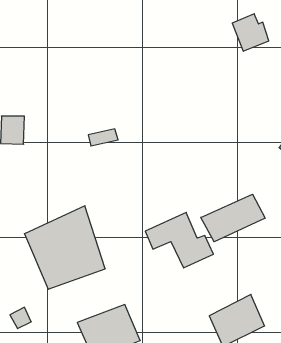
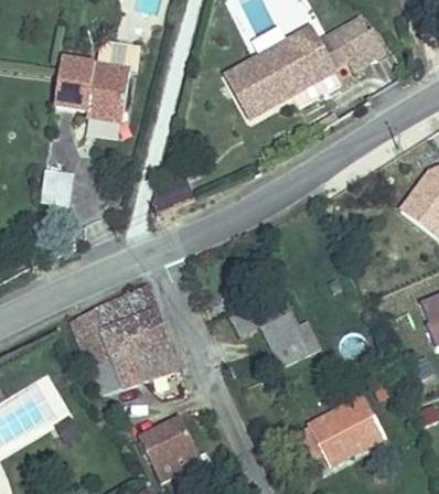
building: none -> [234,36,336,117]
building: none -> [50,43,135,126]
building: [201,194,265,242] -> none

